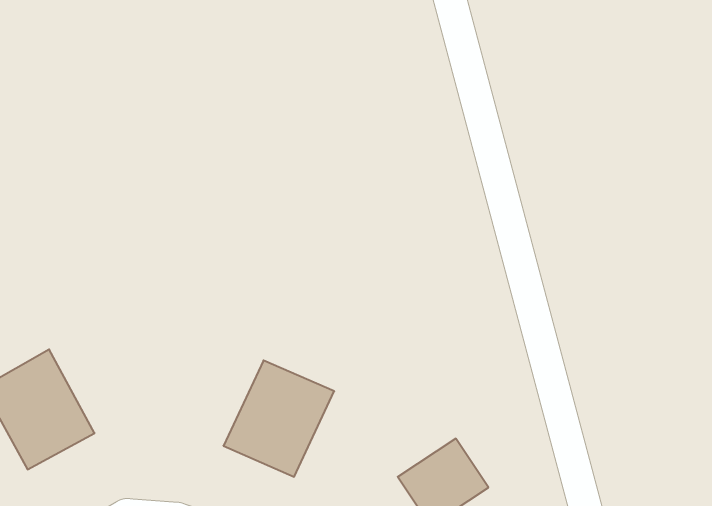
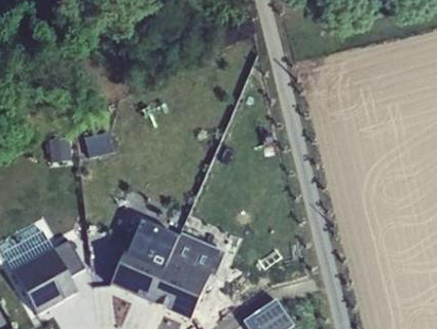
building: none -> [113,219,175,286]

